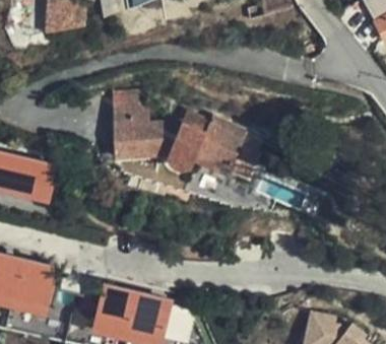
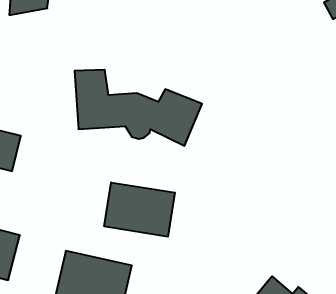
building: none -> [104,182,175,237]

